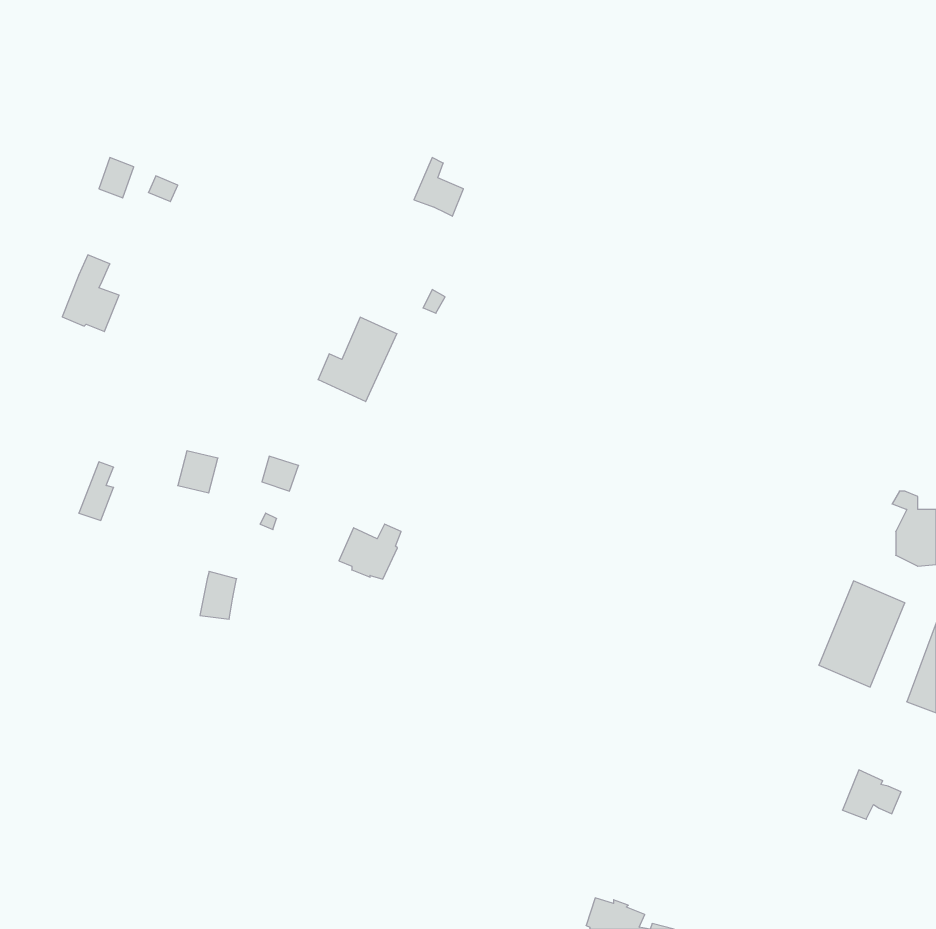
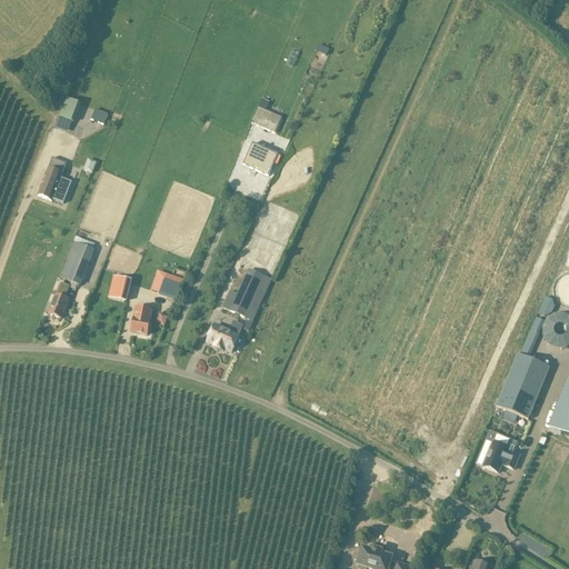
building: none -> [243,140,278,173]
building: [318,317,397,402] -> [223,267,271,318]
building: none -> [59,238,94,283]
building: [200,571,237,619] -> [130,303,152,332]
building: [842,770,901,819] -> [483,440,519,470]

